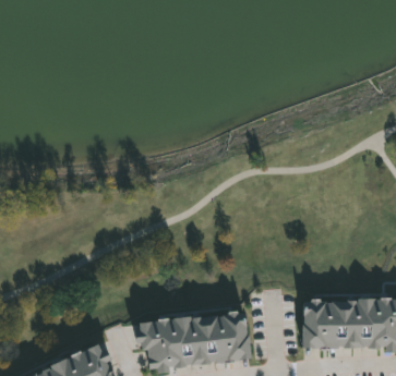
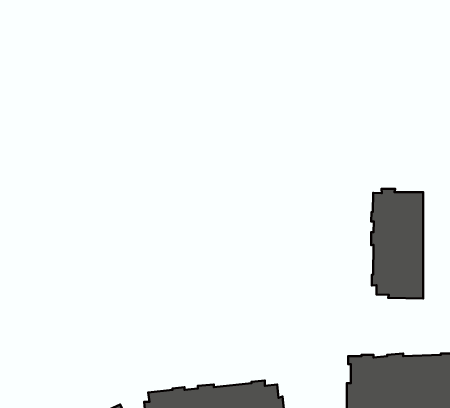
building: none -> [371,189,423,298]

